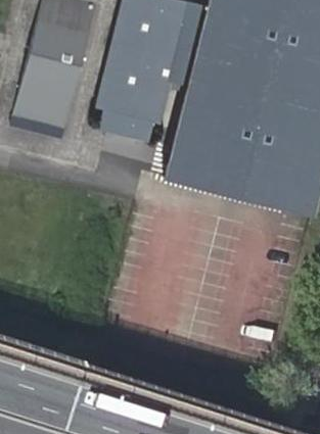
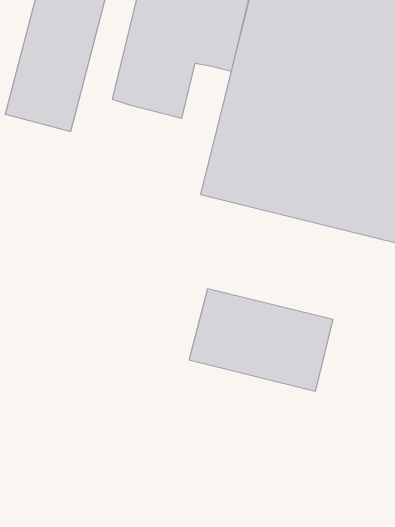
building: [103,78,171,142] -> none
building: none -> [189,289,333,391]

